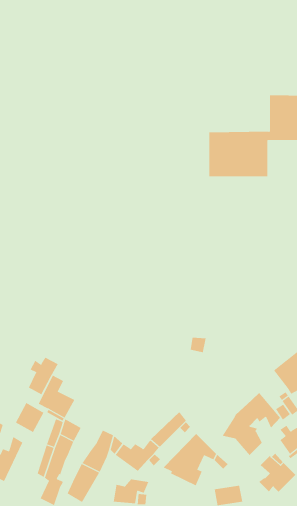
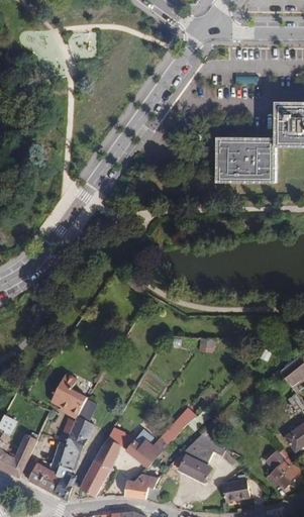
building: [28,357,59,395] -> none
building: [222,392,281,456] -> none
building: [15,402,44,433] -> none
building: none -> [27,462,61,493]

